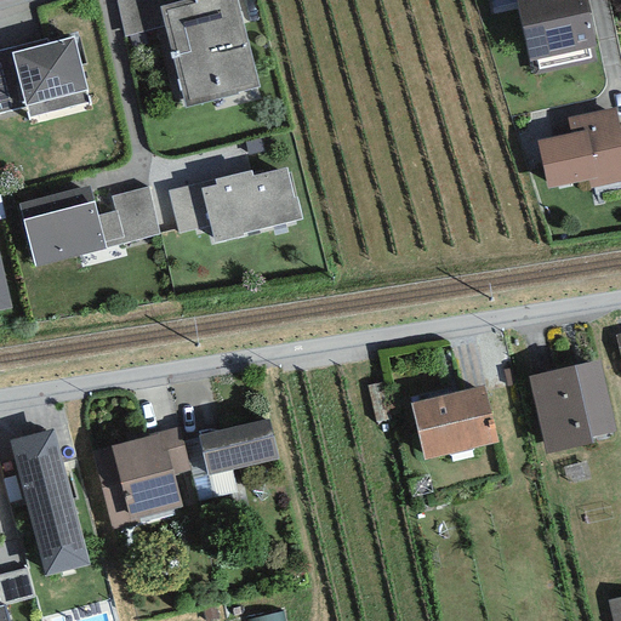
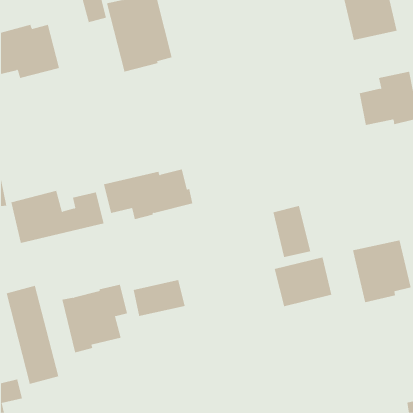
building: [169,166,303,243] -> [103,169,193,220]
building: [21,184,161,264] -> [11,190,104,244]
building: none -> [273,205,311,258]

